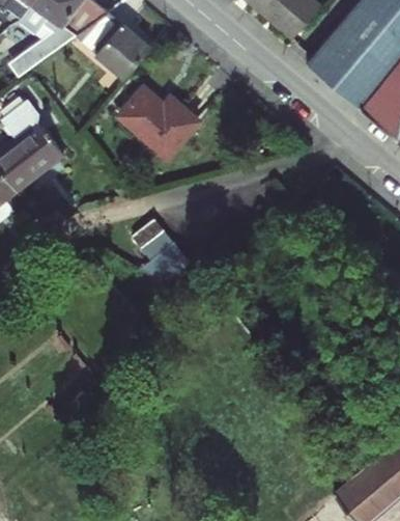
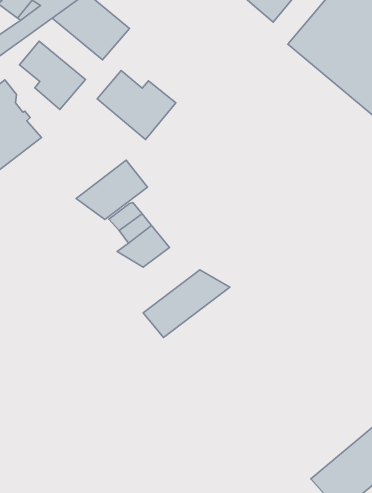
building: none -> [20,41,86,110]
building: none -> [76,160,148,220]
building: none -> [143,270,230,337]

